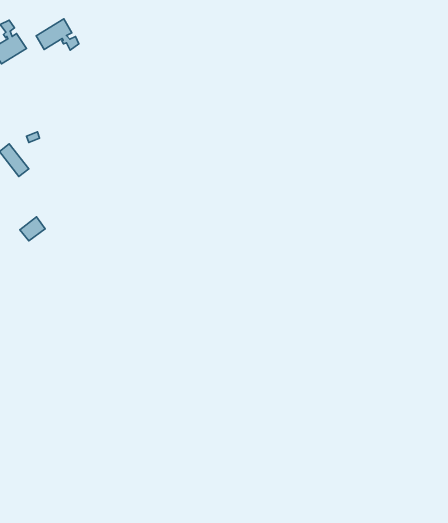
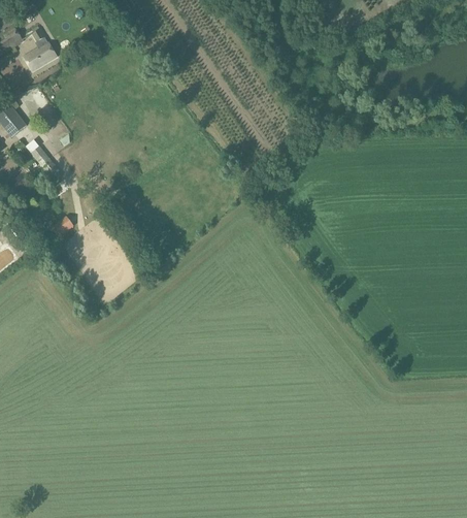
building: [36,19,79,50] -> none

